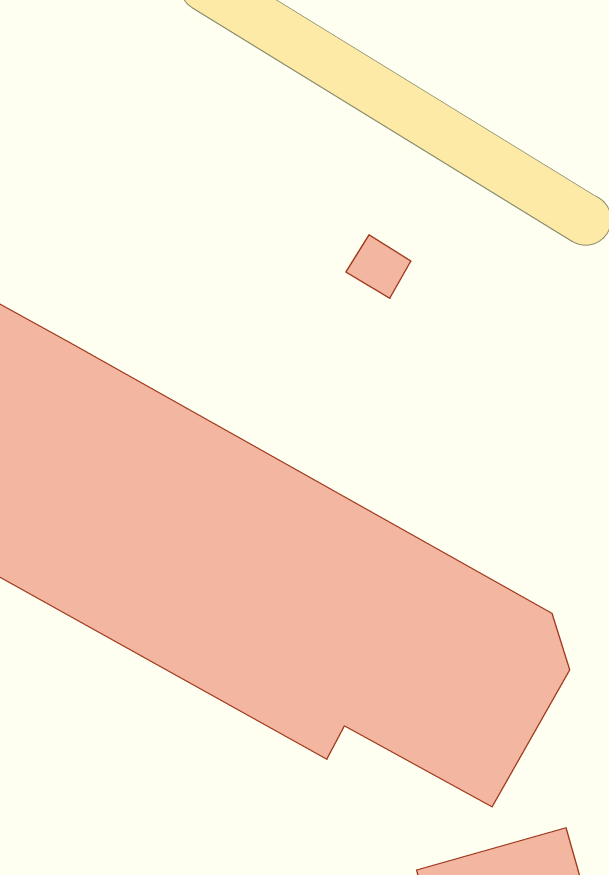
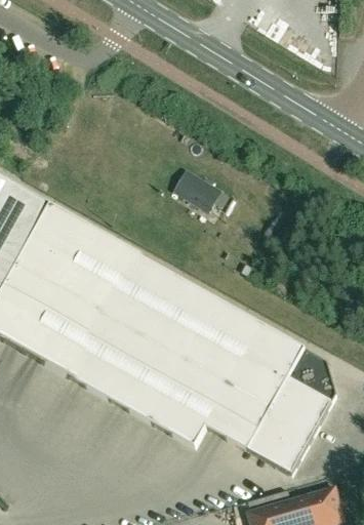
building: [346,235,411,298] -> [183,172,220,209]

